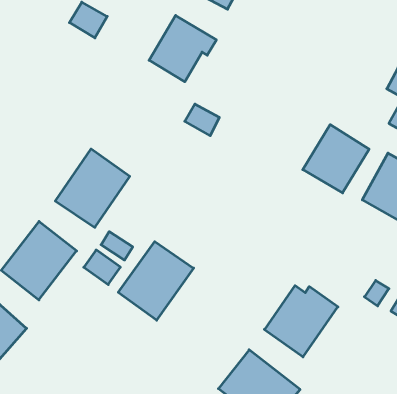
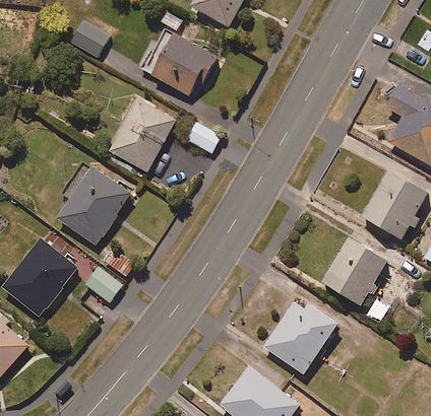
building: none -> [108,98,176,172]
building: [303,125,369,193] -> [320,237,386,305]
building: [118,242,194,320] -> none

